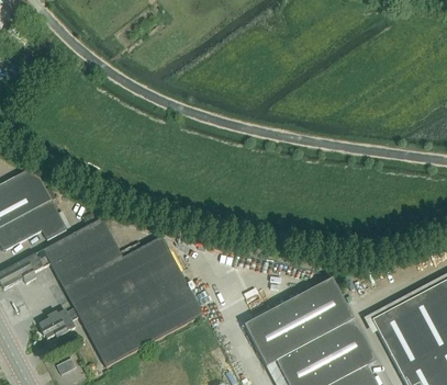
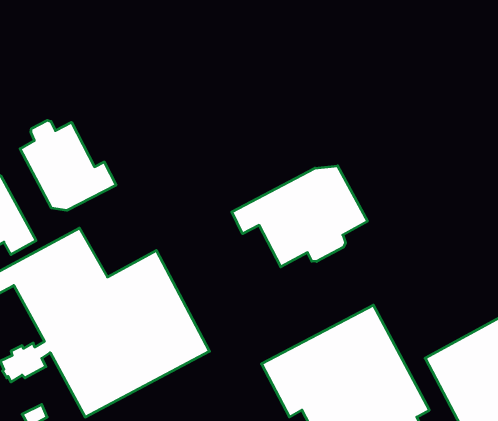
building: none -> [20,120,116,210]
building: none -> [232,166,367,267]

